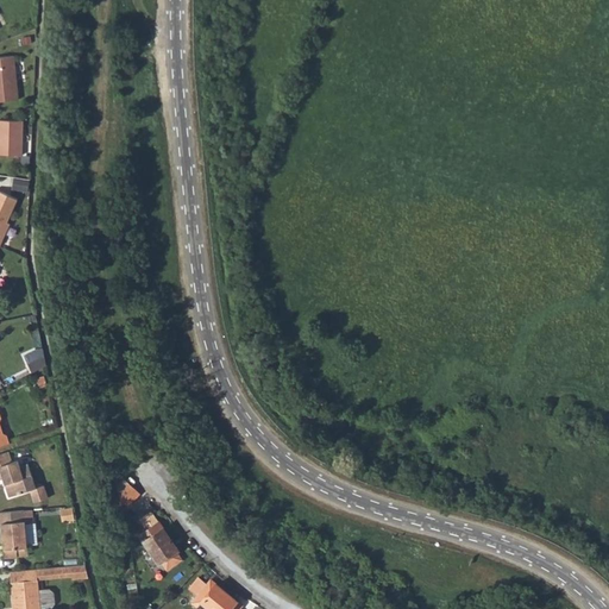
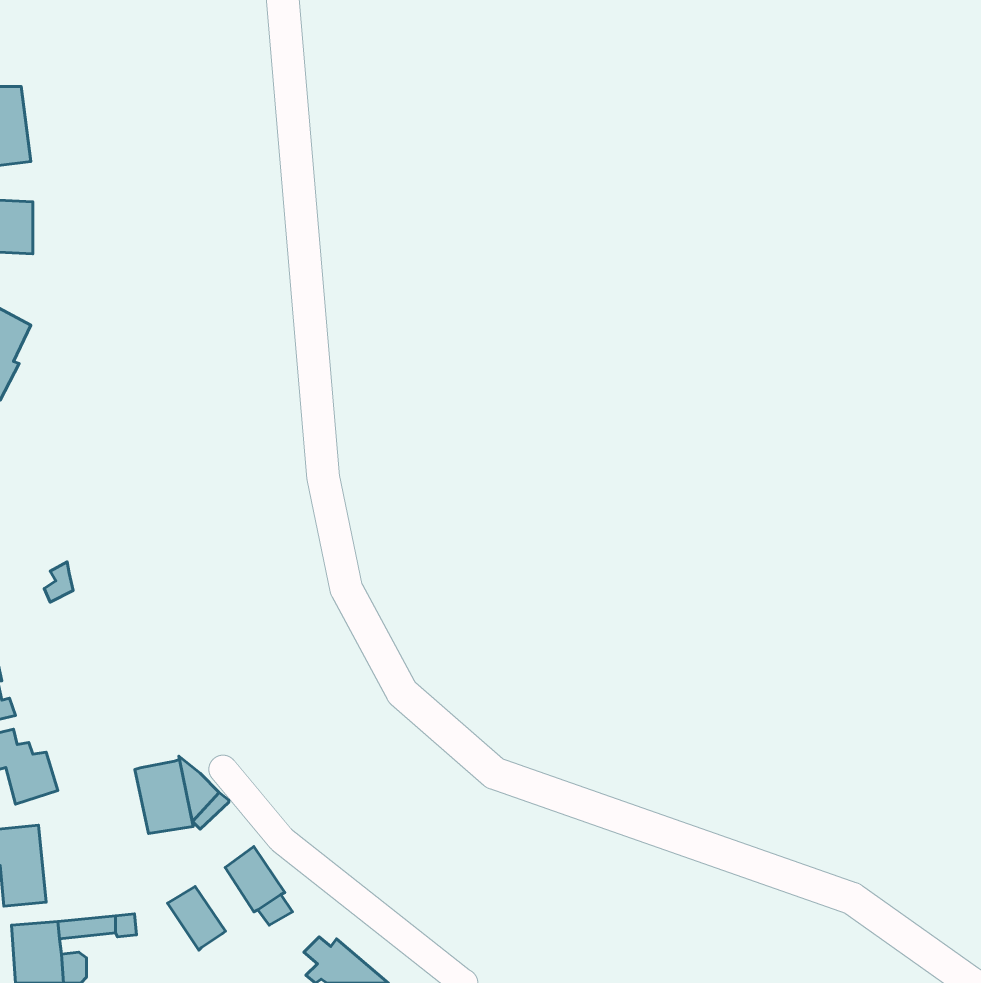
building: none -> [135,759,193,833]
building: none -> [167,887,225,950]

